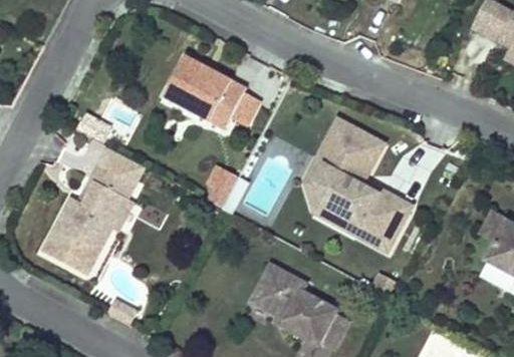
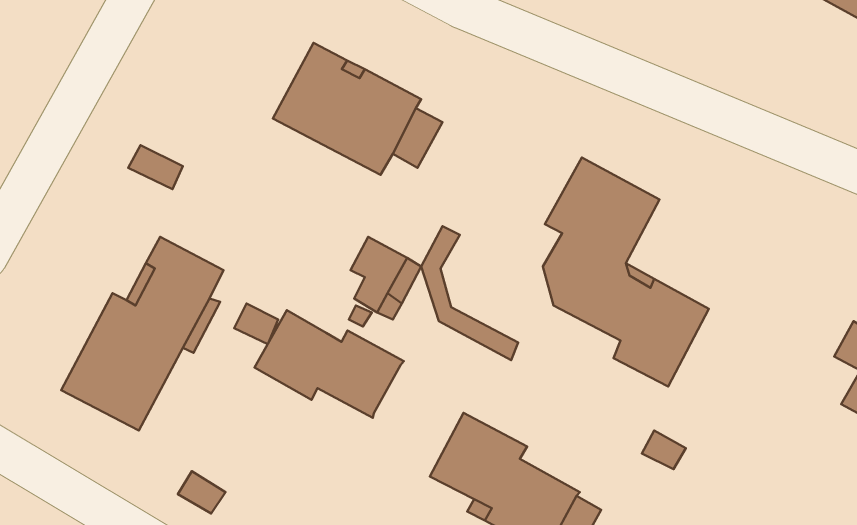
building: [98,145,145,183] -> none
building: [305,156,360,233] -> [421,226,518,360]
building: none -> [254,310,404,418]

